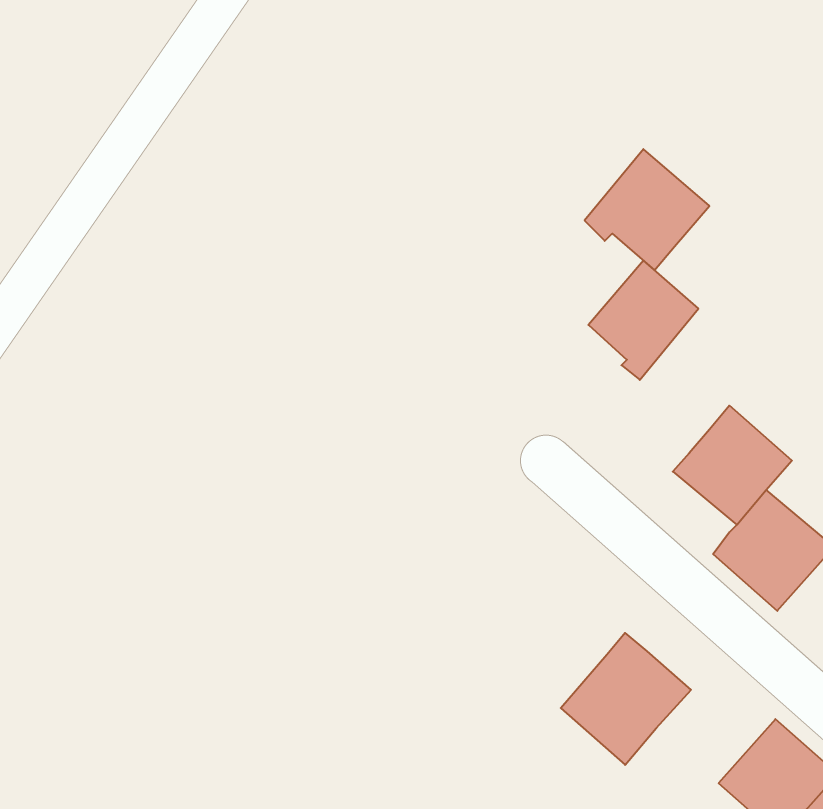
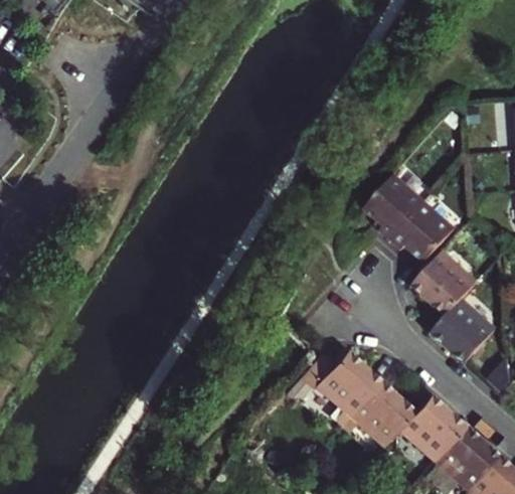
building: [585,149,709,270] -> [390,199,459,266]
building: none -> [313,347,382,419]
building: none -> [399,394,465,460]

